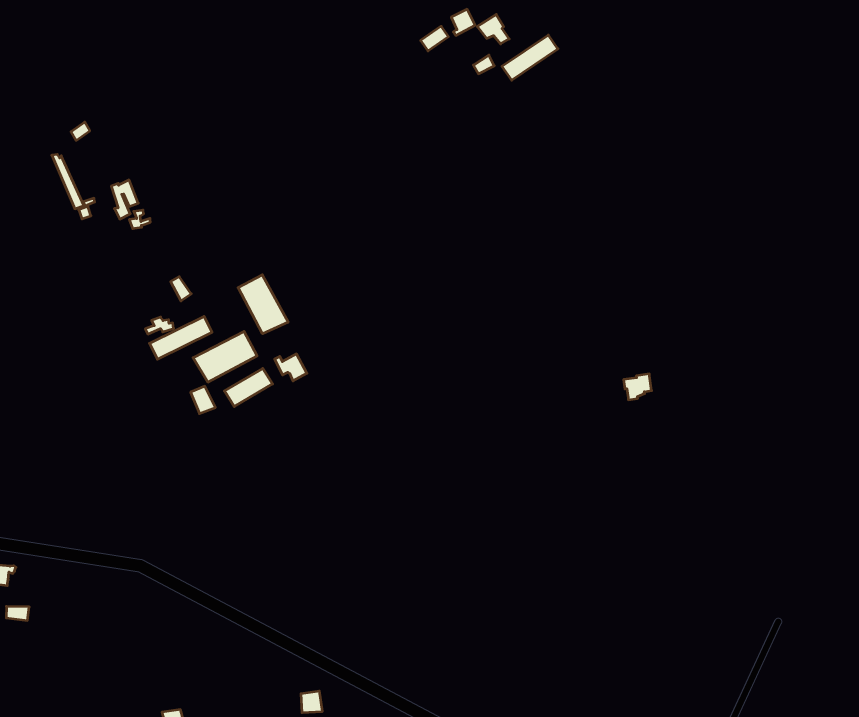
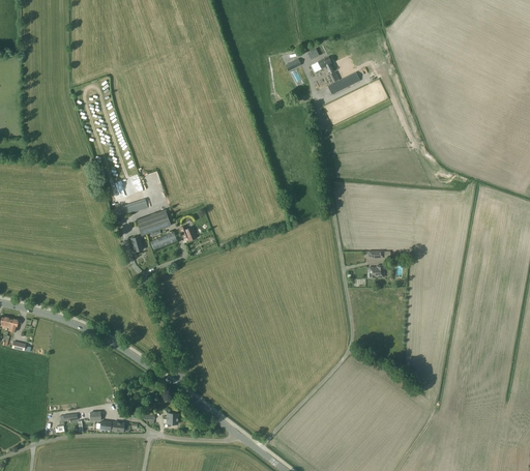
building: [238,275,288,334] -> none

